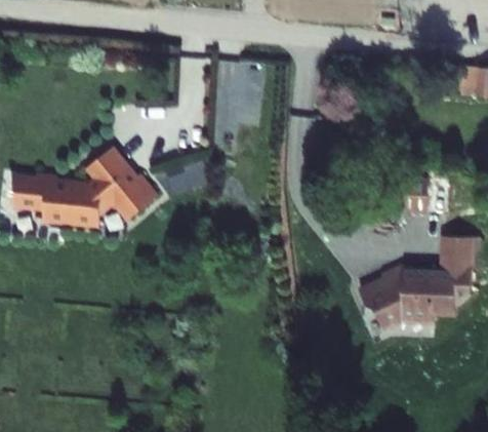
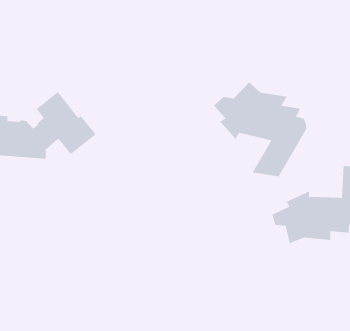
building: none -> [213,82,307,177]

